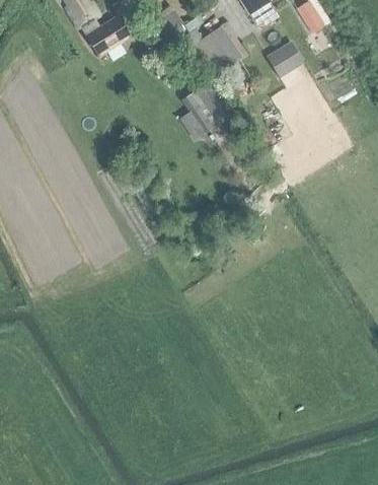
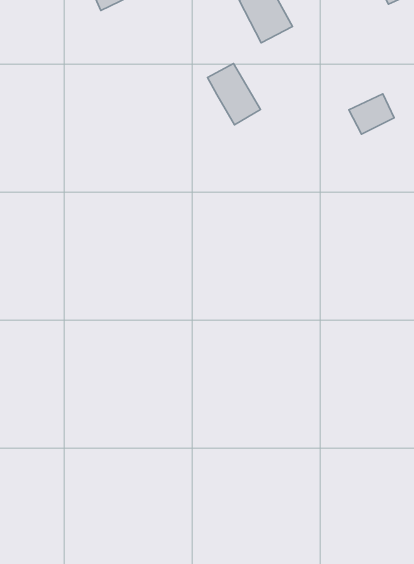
building: [268,45,302,76] -> [349,94,394,134]

